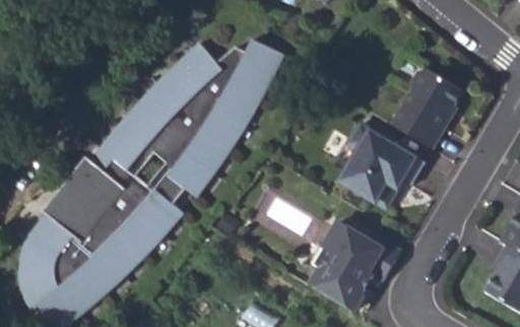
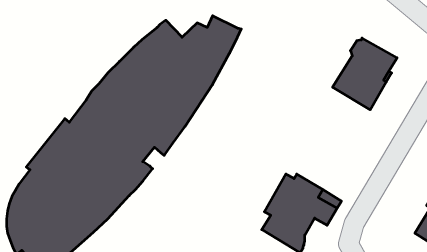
building: [339,122,424,206] -> none

